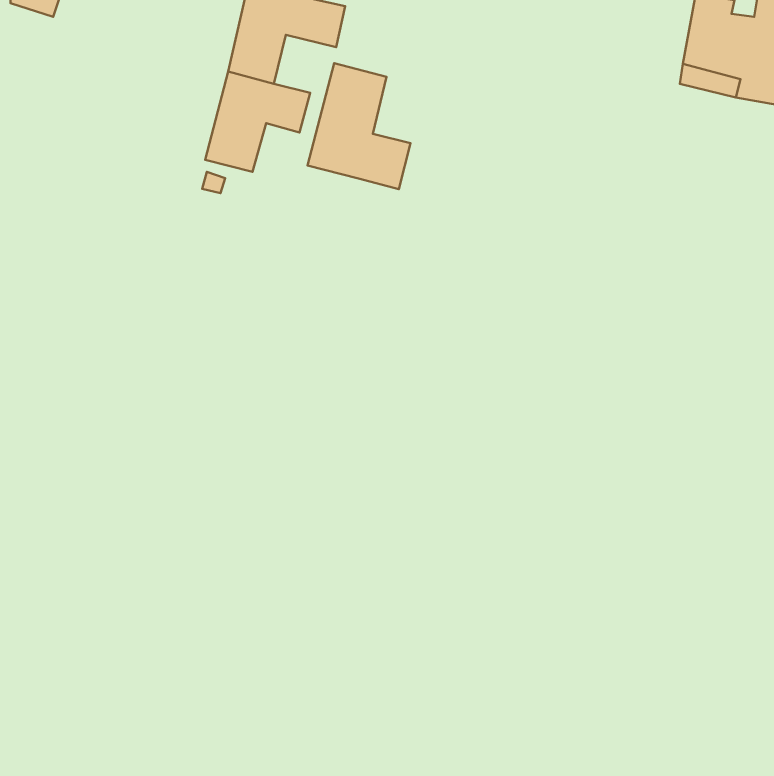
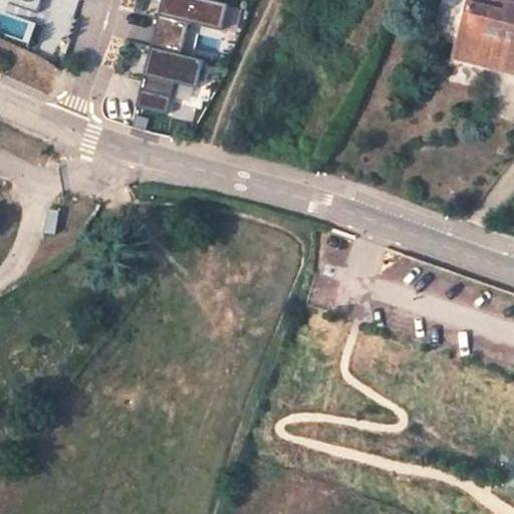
building: [307,63,410,189] -> none

